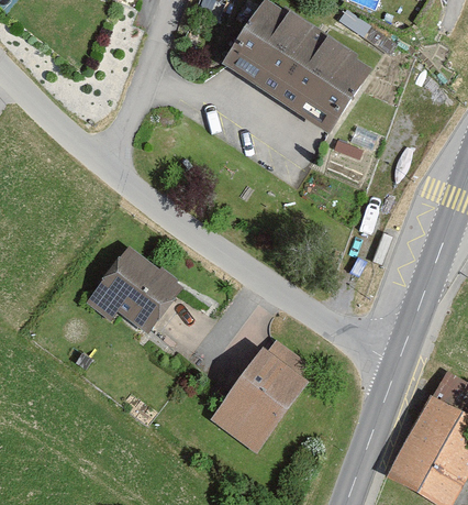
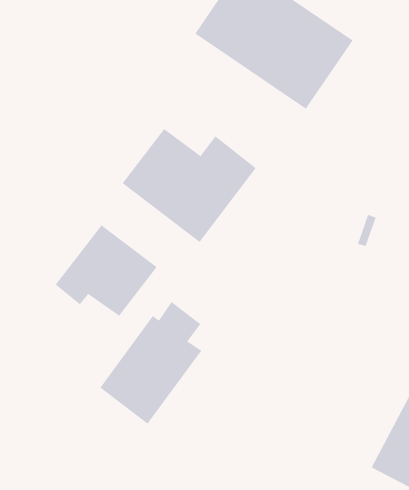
building: none -> [122,128,257,243]
building: [208,348,305,465] -> [100,301,202,424]

